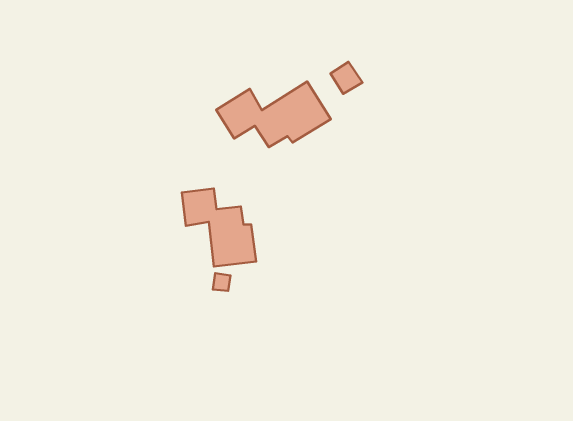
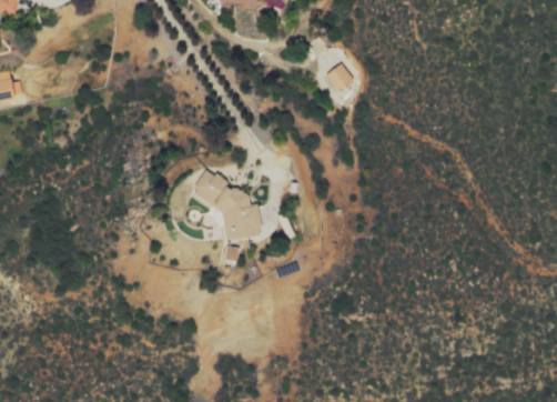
building: [216,81,331,147] -> none

